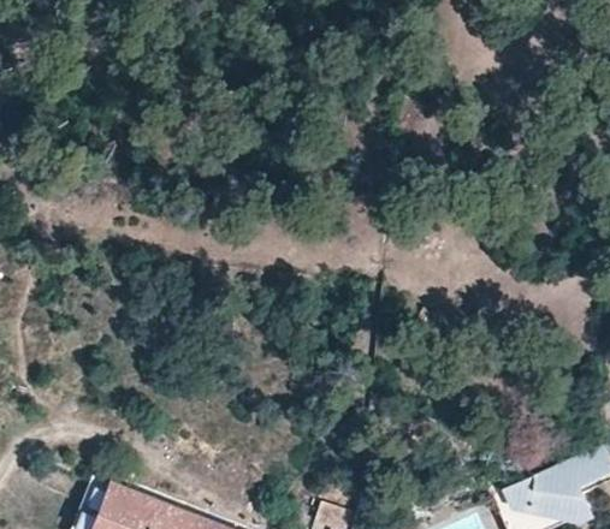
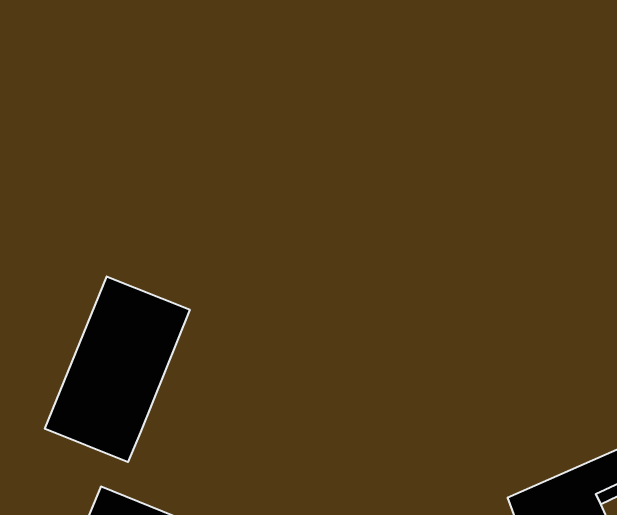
building: none -> [45,276,190,462]

